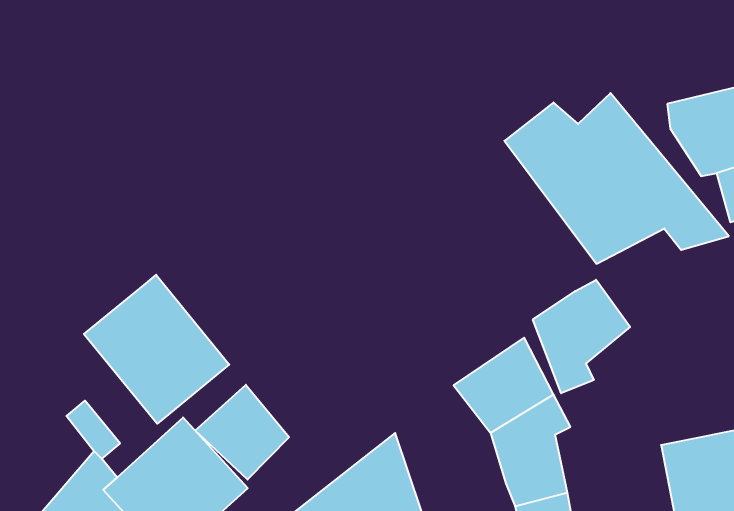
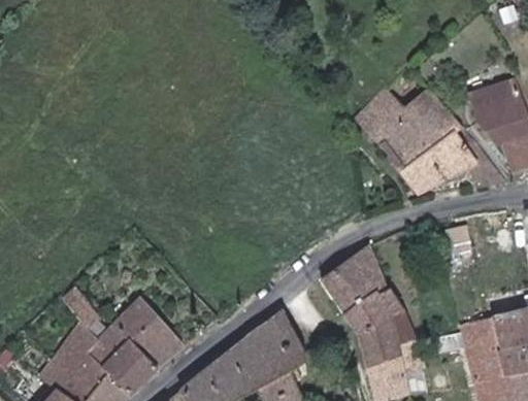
building: [84,275,229,424] -> none
building: [533,280,630,393] -> none
building: [195,385,289,480] -> none

